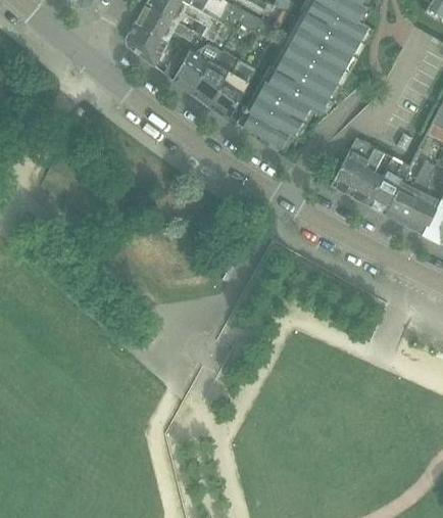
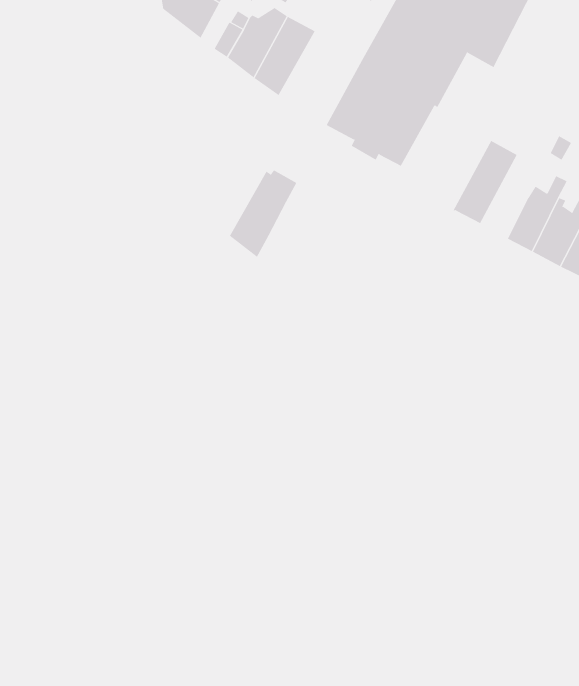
building: [208,58,255,120] -> [229,169,297,258]
building: [348,145,384,203] -> none

